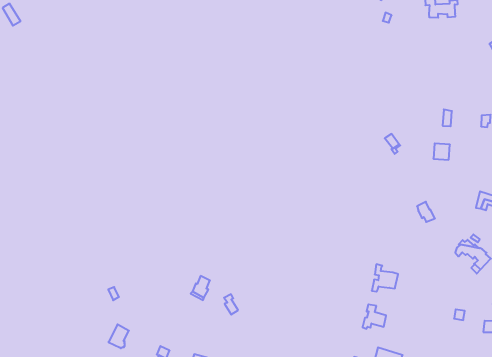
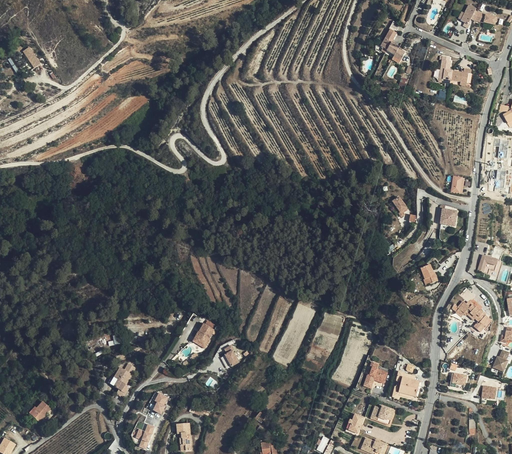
building: [372,264,398,292] -> [392,369,419,396]

